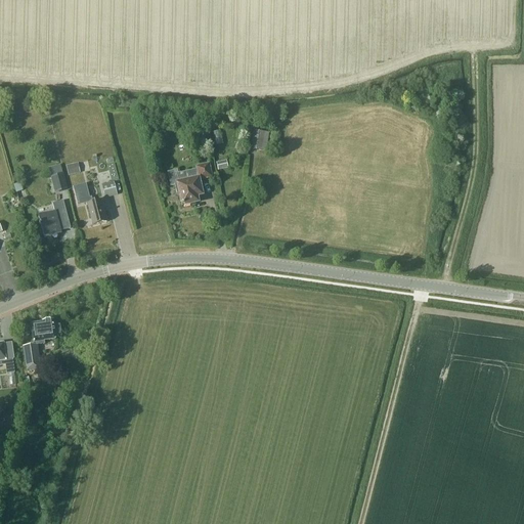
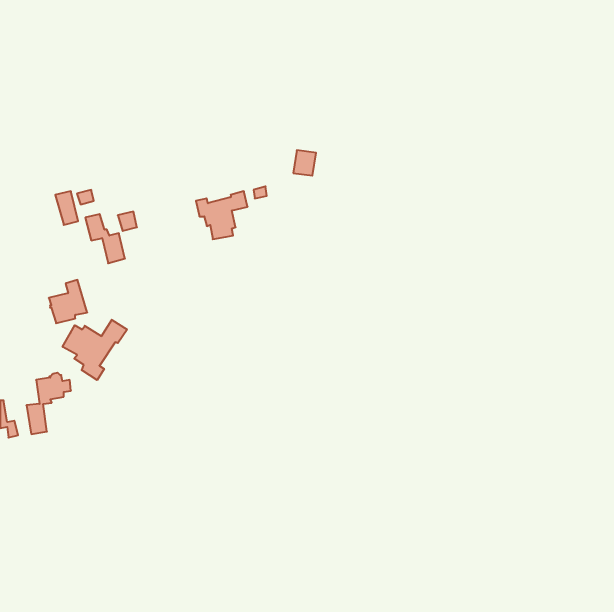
building: [38,200,71,236] -> [49,280,87,323]
building: none -> [63,320,127,380]

